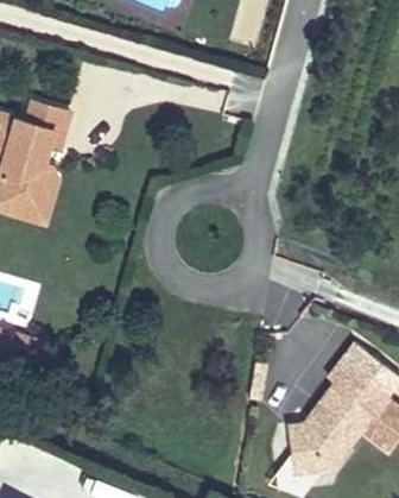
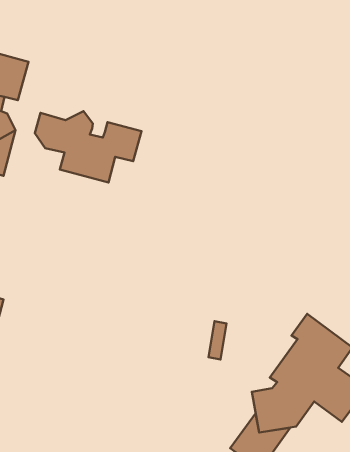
building: none -> [35,111,141,183]

